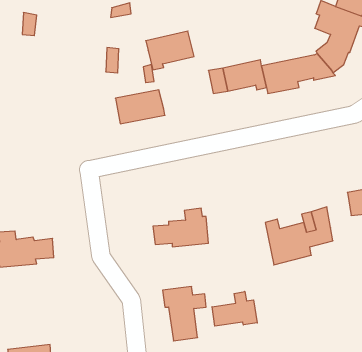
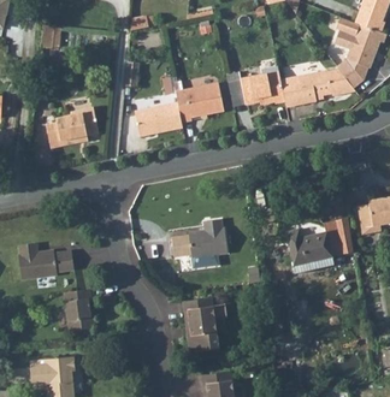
building: [146,31,194,70] -> [177,82,225,120]
building: none -> [47,103,101,147]
building: none -> [65,288,96,330]
building: [212,291,257,326] -> none

